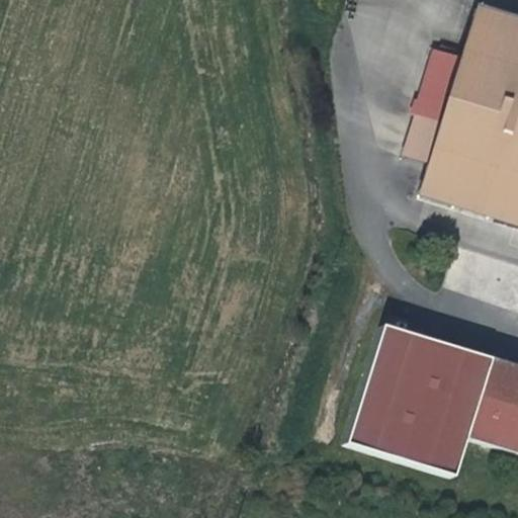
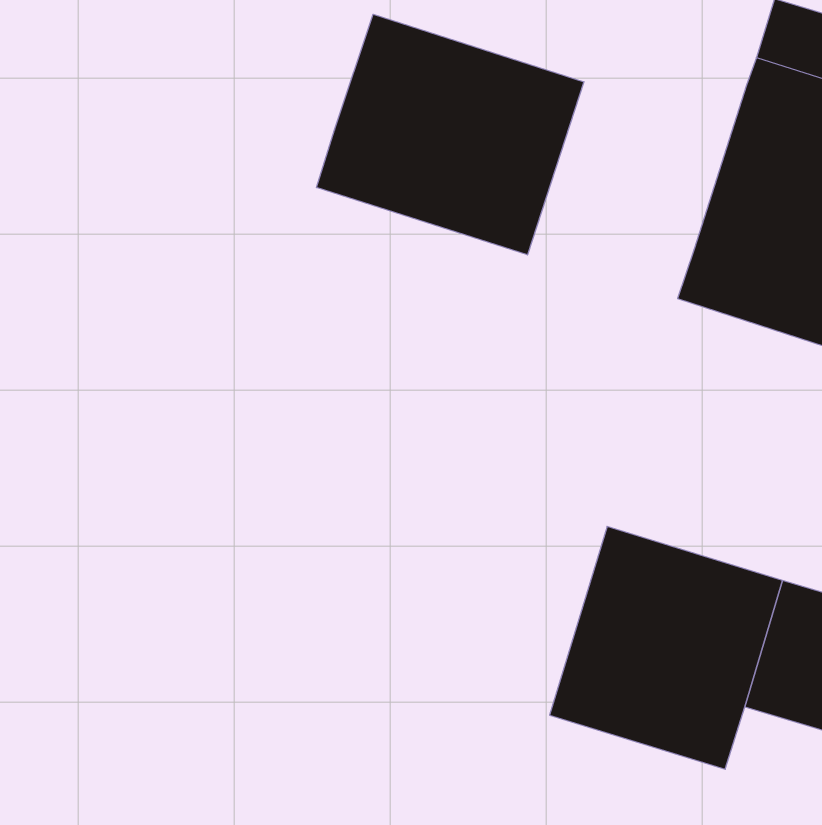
building: none -> [317,14,584,255]
building: [411,44,470,154] -> none

